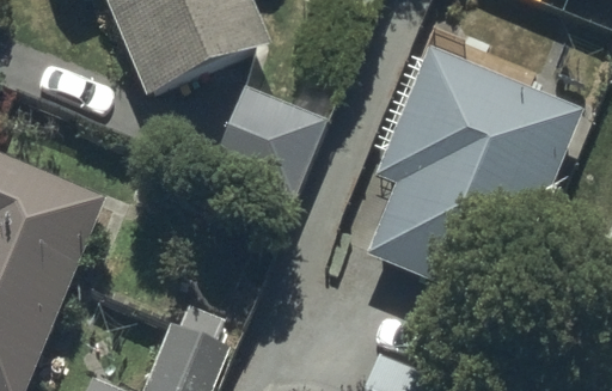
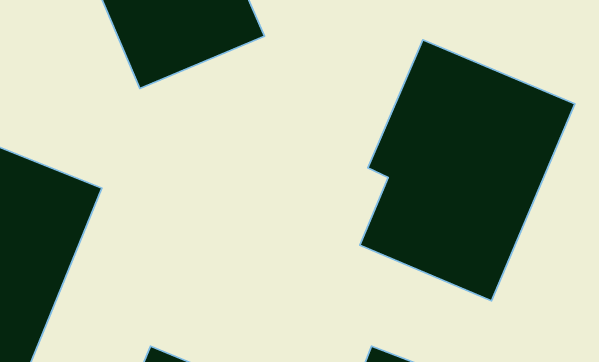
building: [209,81,326,197] -> none

